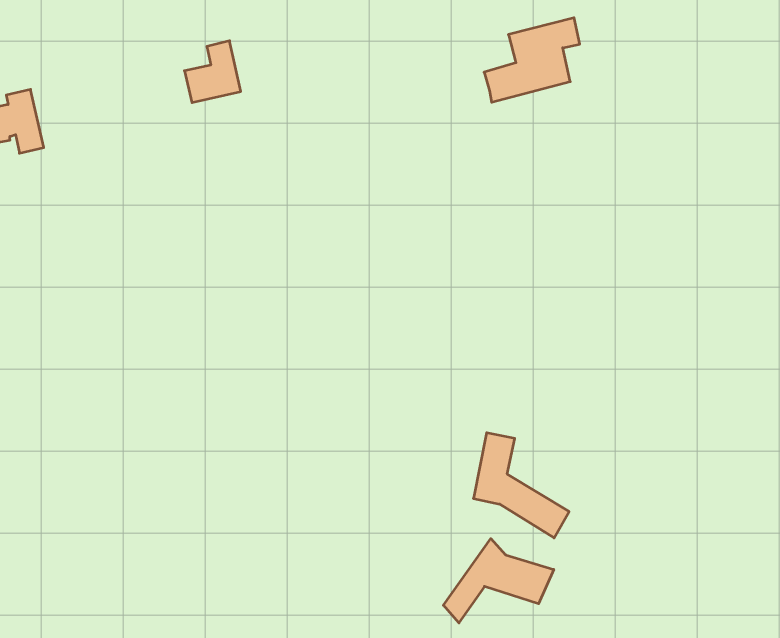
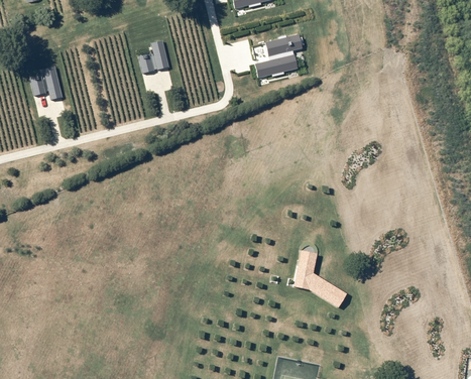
building: [484,18,580,102] -> [249,35,301,81]
building: [443,539,554,623] -> none

